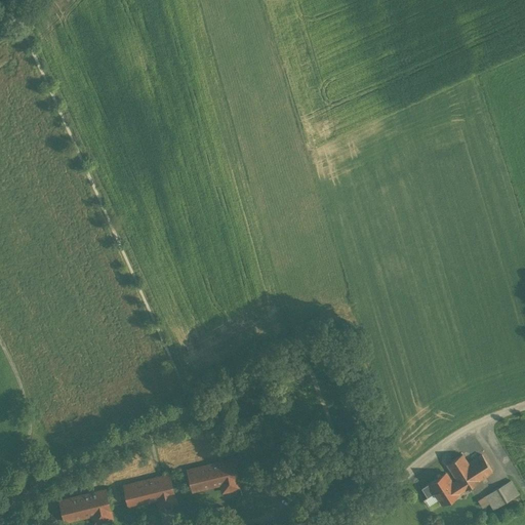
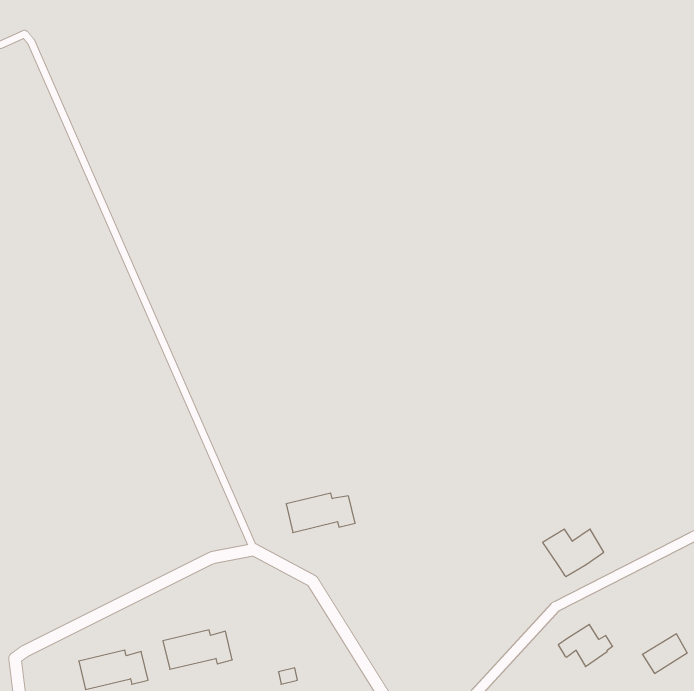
building: [446,455,492,491] -> [543,529,604,577]
building: [188,462,240,492] -> [286,493,355,533]

